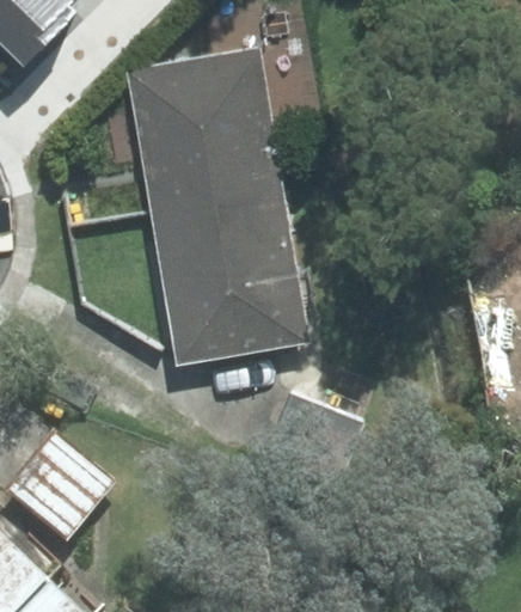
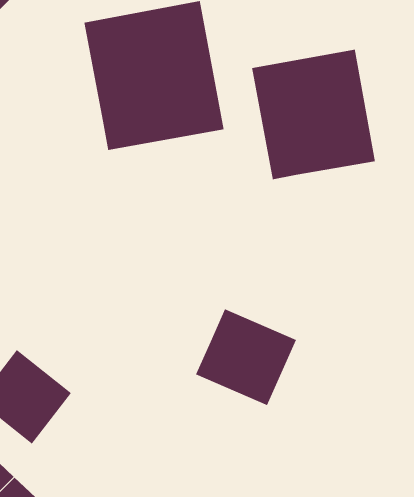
building: none -> [252,49,375,180]
building: [152,185,312,355] -> none

